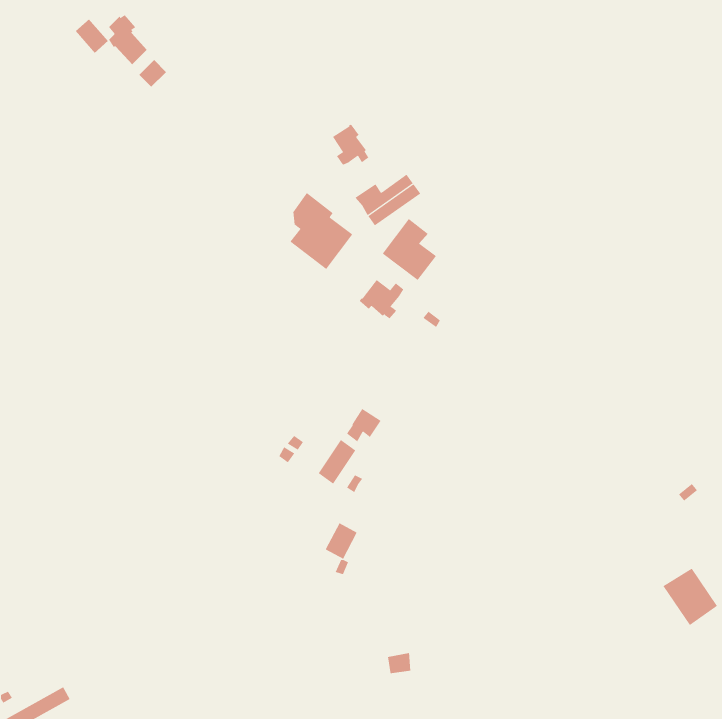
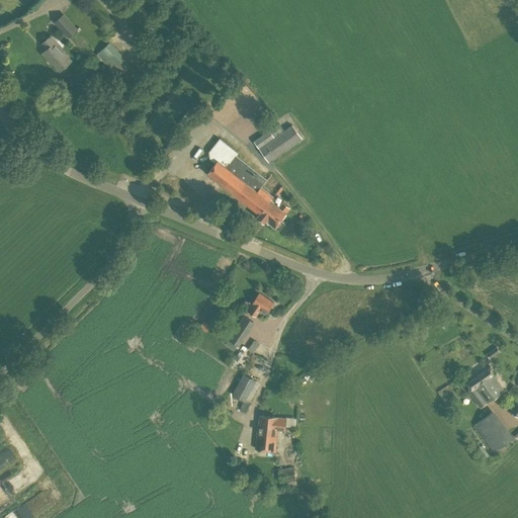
building: [108,14,148,65] -> [42,36,71,73]
building: [327,124,369,166] -> none
building: [382,218,437,282] -> [234,170,273,215]
building: none -> [466,368,504,409]
building: none -> [256,417,286,452]

